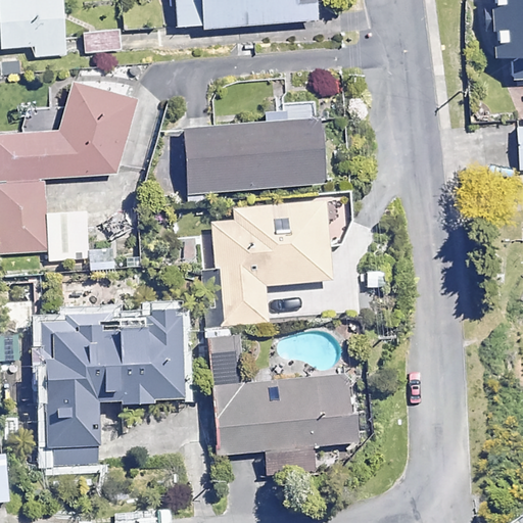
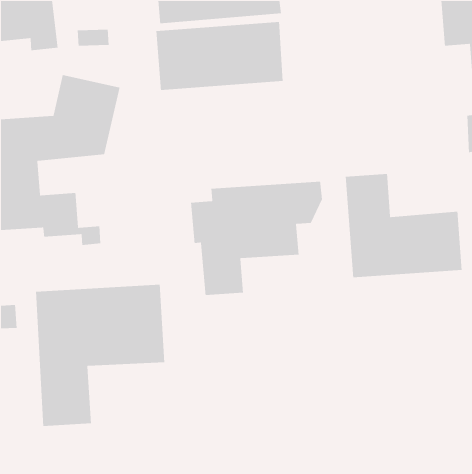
building: [181,116,322,193] -> [156,21,283,91]
building: none -> [345,173,462,278]
building: [207,336,352,476] -> none

